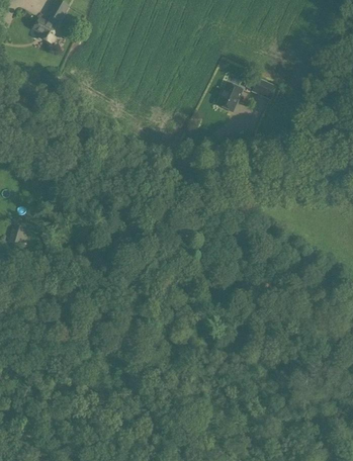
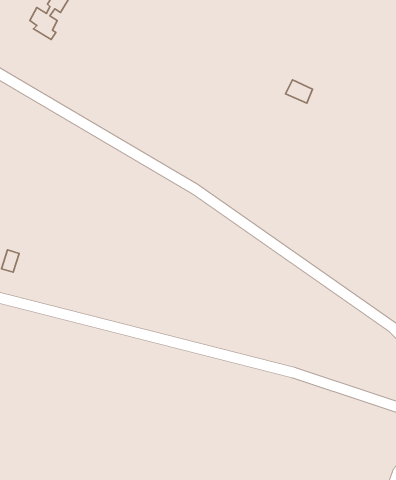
building: [217,82,242,110] -> none

